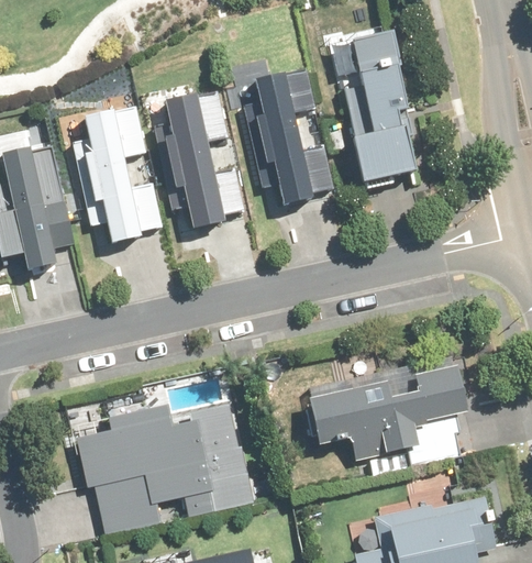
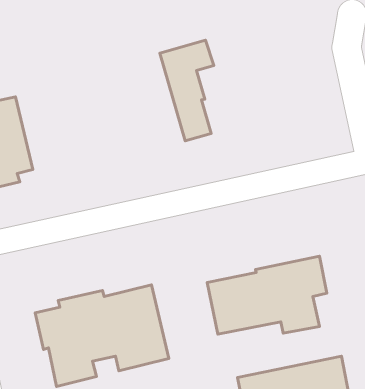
building: [339,25,403,183] -> none
building: [158,96,237,227] -> none
building: [77,110,156,241] -> none

